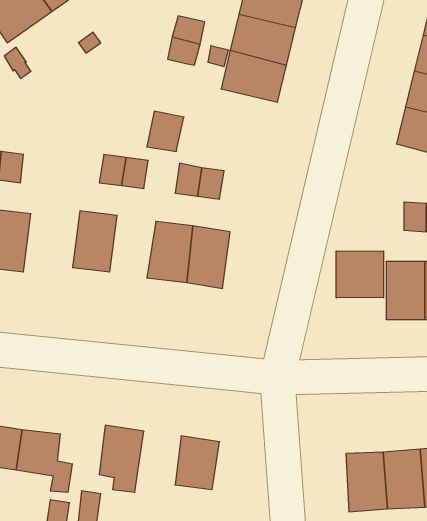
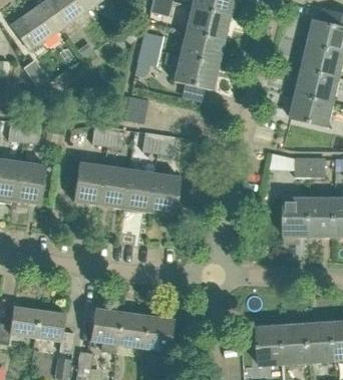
building: none -> [97,166,128,209]
building: [336,251,383,298] -> none
building: none -> [115,312,145,348]

